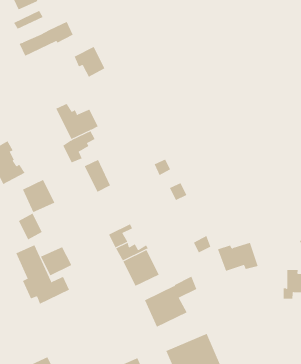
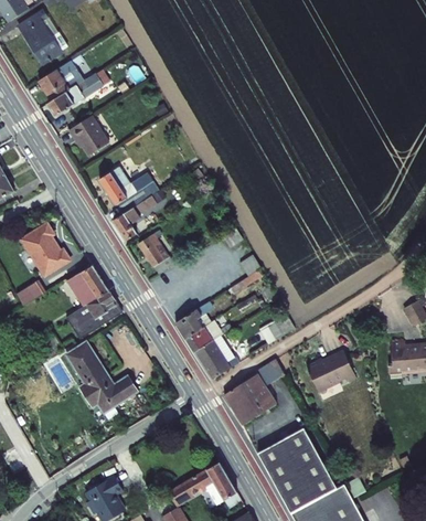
building: none -> [44,71,82,103]
building: [74,46,105,77] -> [67,121,106,159]
building: [217,242,258,271] -> [306,355,356,393]
building: [40,247,72,276] -> [83,289,121,326]

